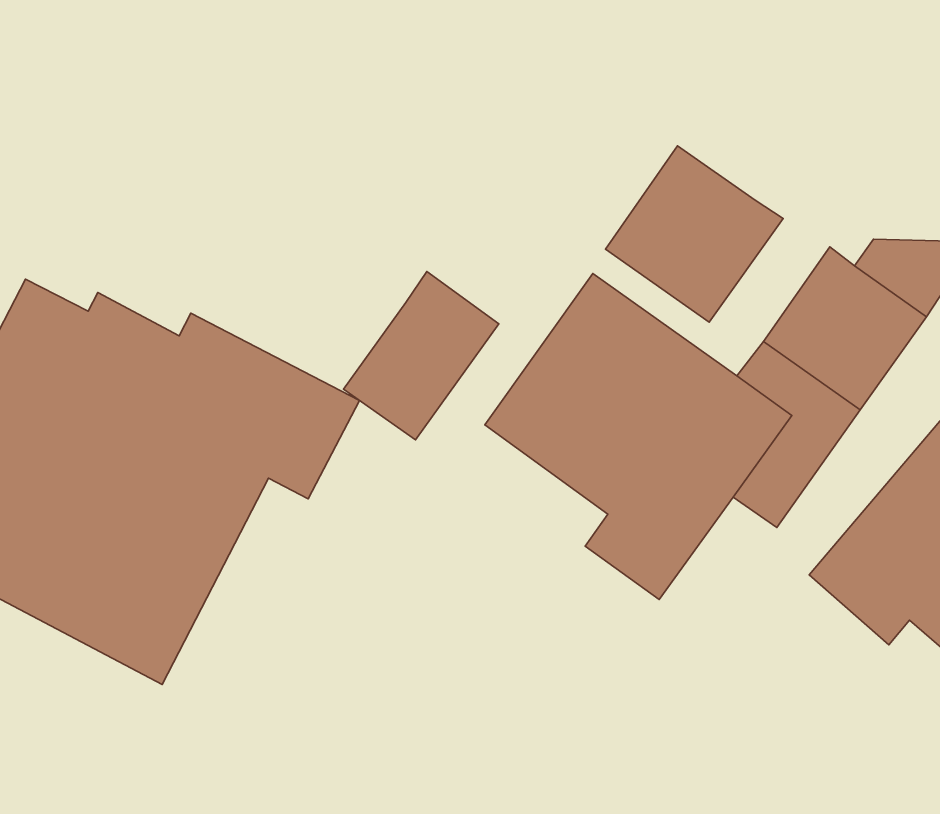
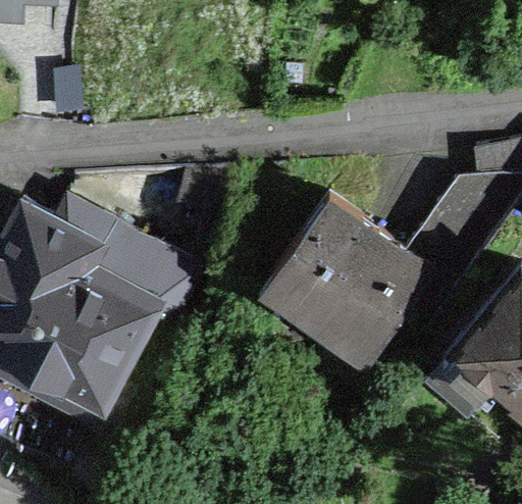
building: [605,146,783,322] -> none
building: [344,271,499,440] -> none

